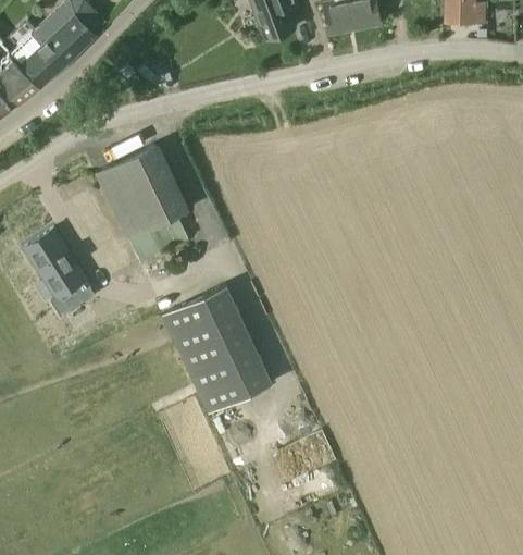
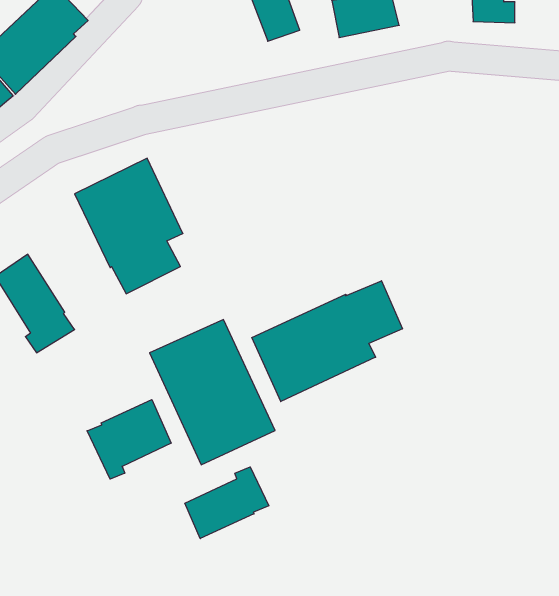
building: none -> [252,281,402,402]
building: none -> [87,400,171,479]
building: none -> [185,467,269,539]

